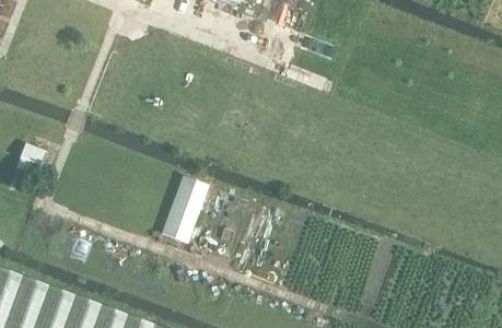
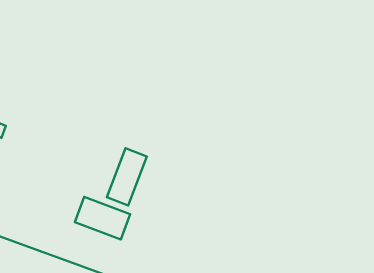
building: none -> [75,197,130,239]

